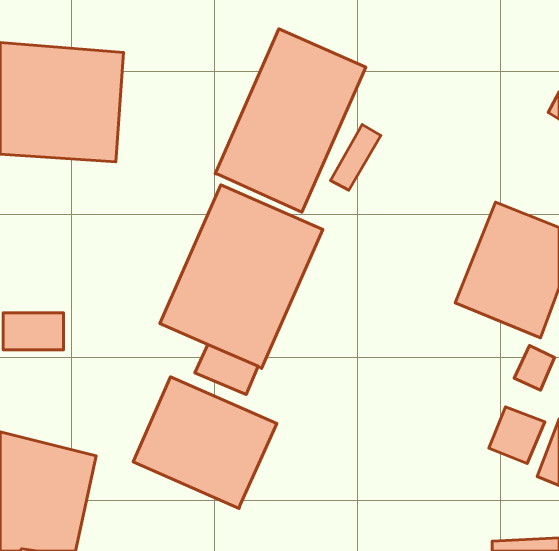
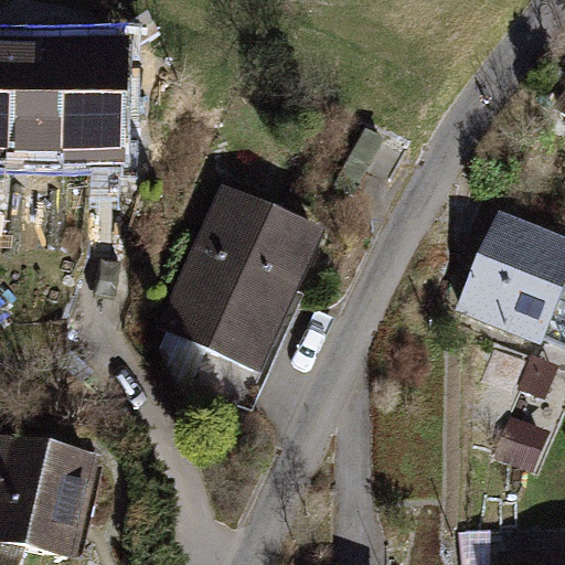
building: [215,29,366,212] -> none
building: [133,377,277,509] -> none

